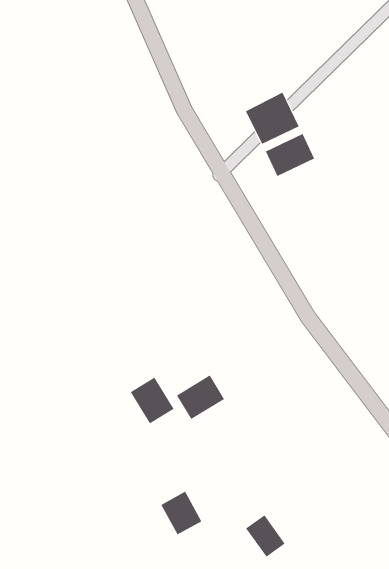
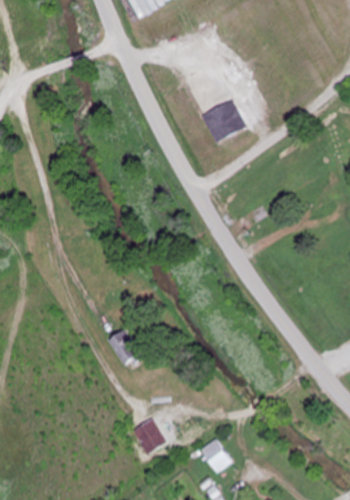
building: [265,133,315,177] -> none
building: [176,375,225,420] -> none

